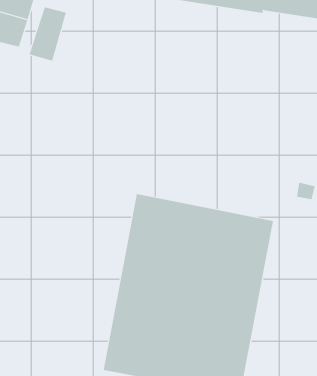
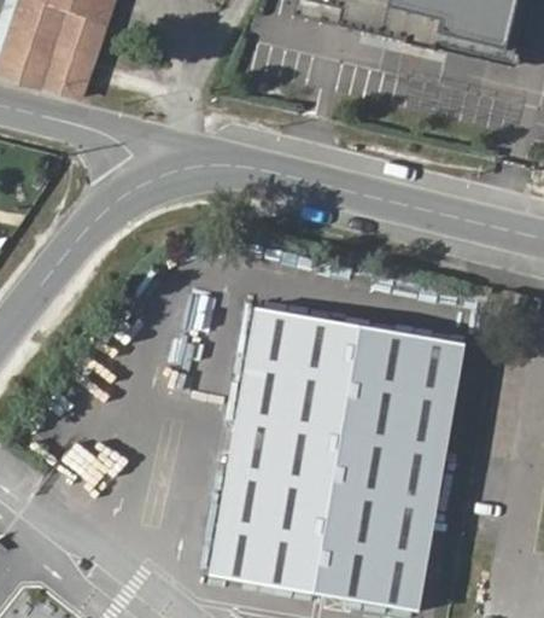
building: [29,7,67,61] -> none

